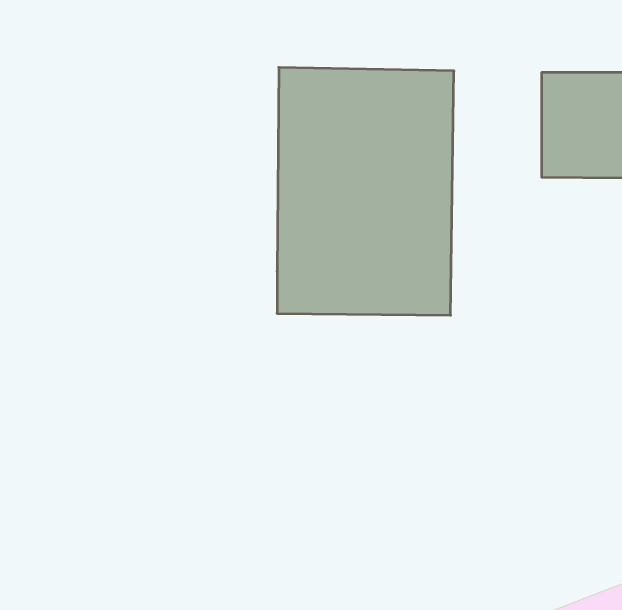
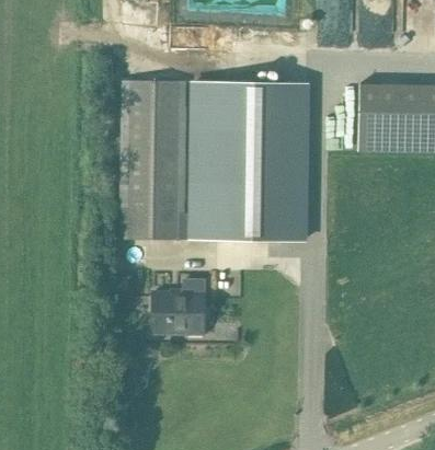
building: none -> [119,80,193,241]
building: none -> [153,281,204,333]

